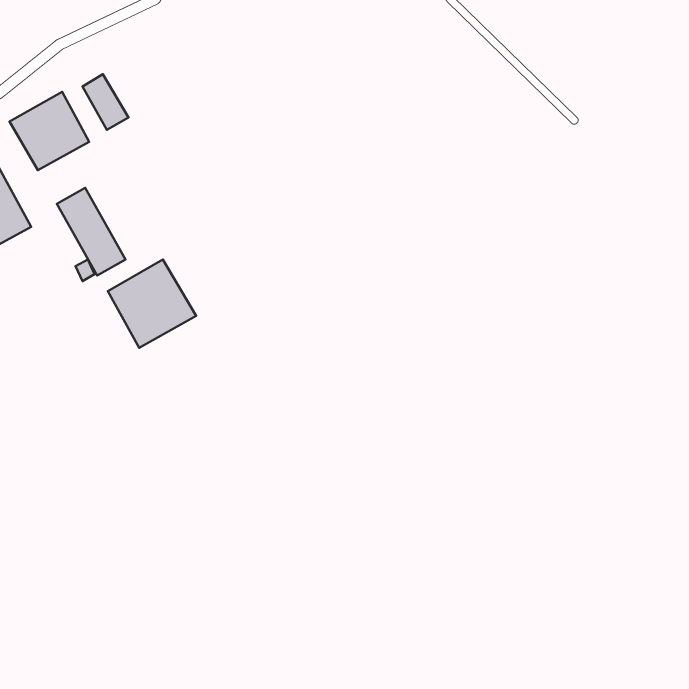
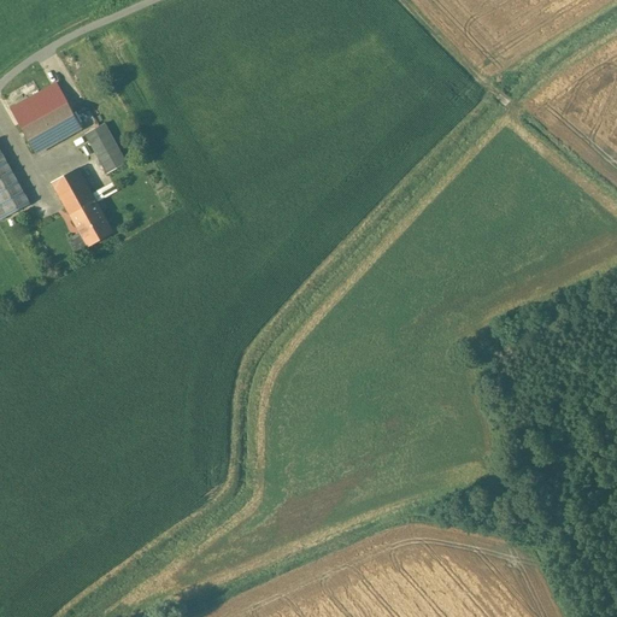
building: [83,74,128,130] -> [84,123,125,172]
building: [108,259,196,348] -> none

